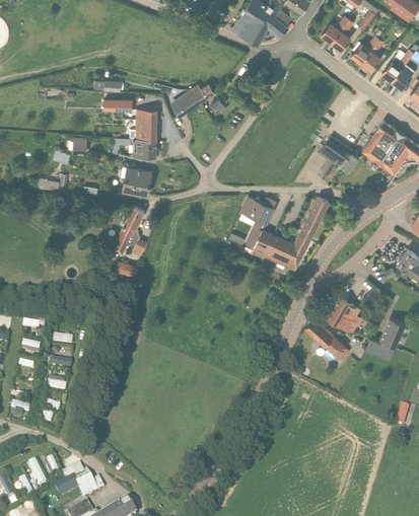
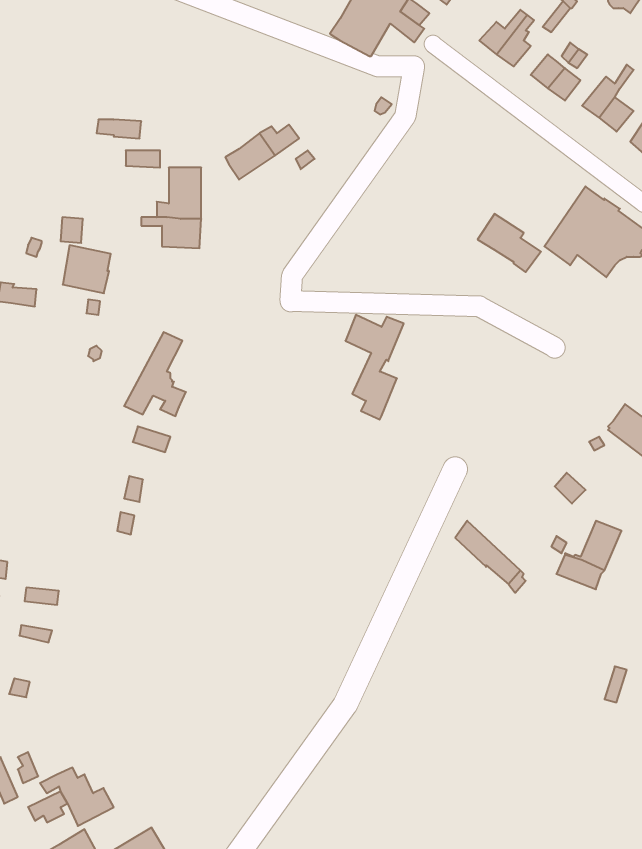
building: [123,166,151,195] -> [63,245,111,293]
building: [263,197,329,268] -> none
building: [326,296,359,329] -> none

